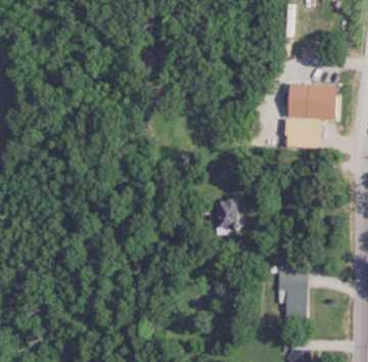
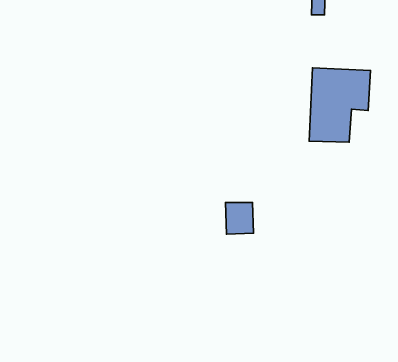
building: [279,264,308,319] -> none

